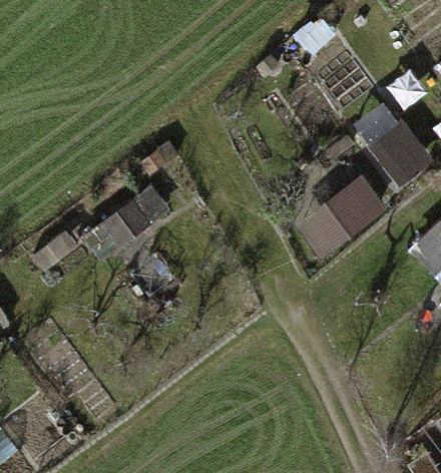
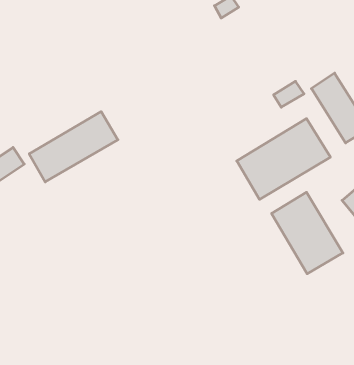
building: none -> [272,192,343,274]

